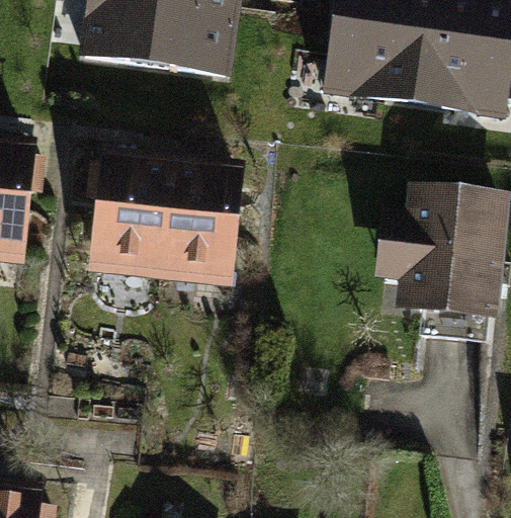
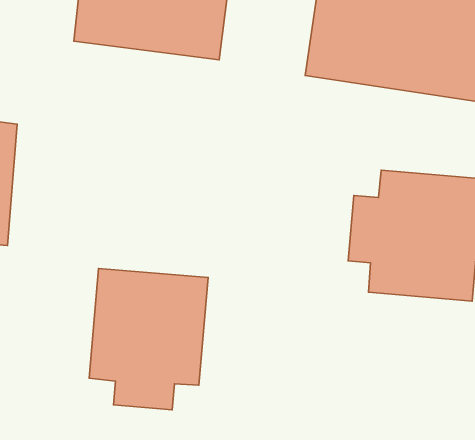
building: [85,152,240,287] -> none
building: none -> [89,268,208,410]

